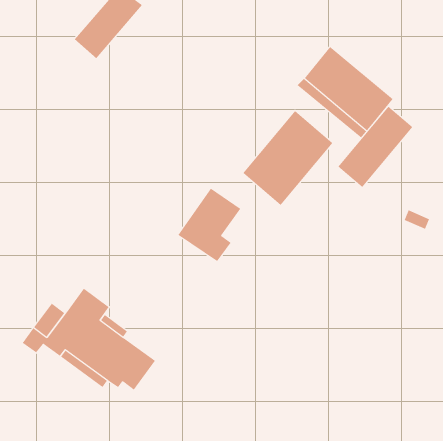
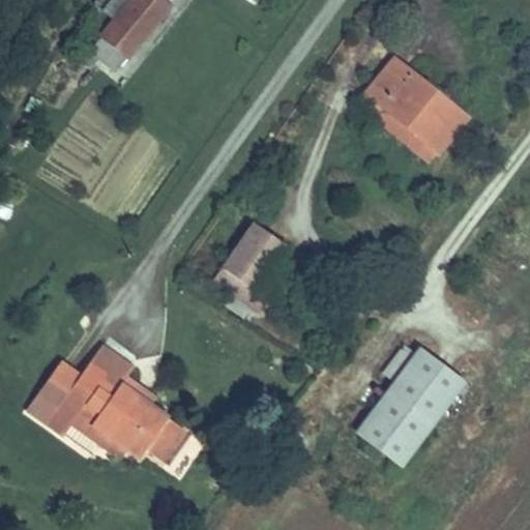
building: [338,106,413,188] -> none
building: [242,110,333,206] -> none
building: none -> [358,348,465,464]

